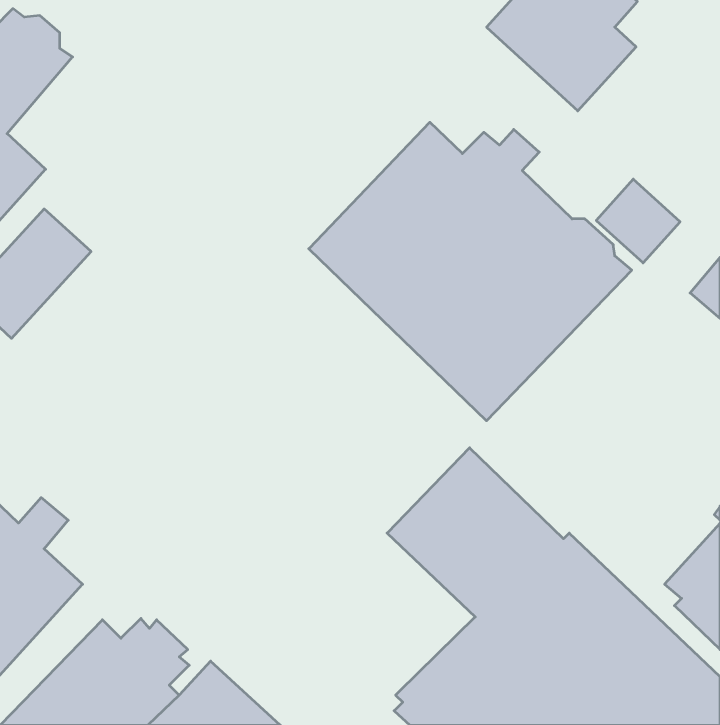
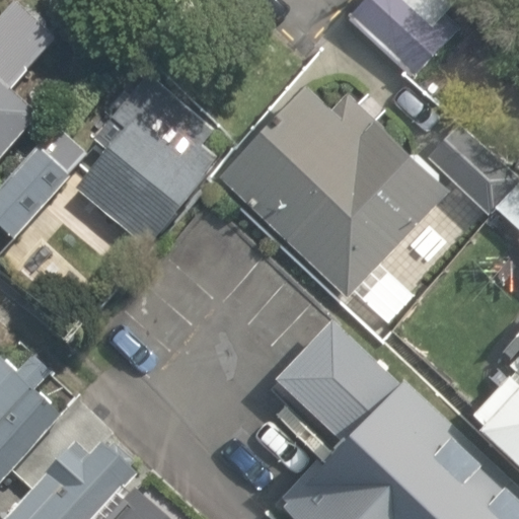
building: none -> [72,75,216,249]

